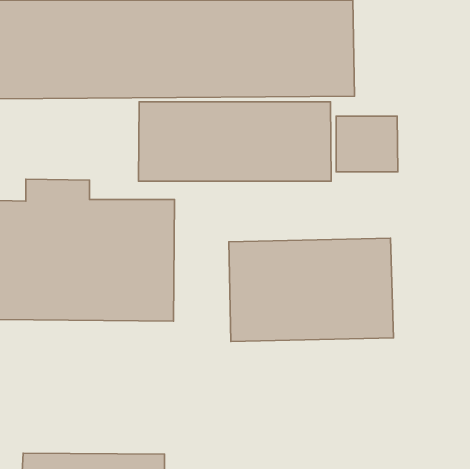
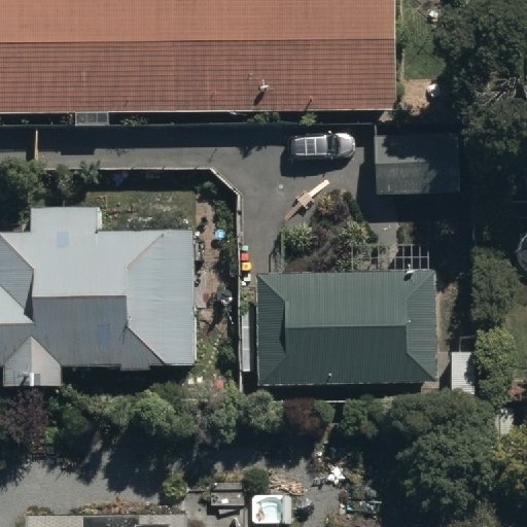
building: [139,102,331,181] -> none

